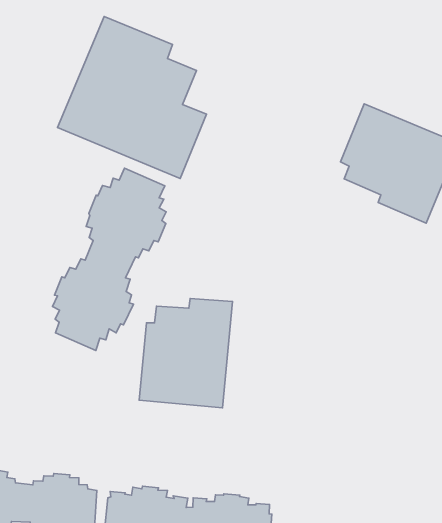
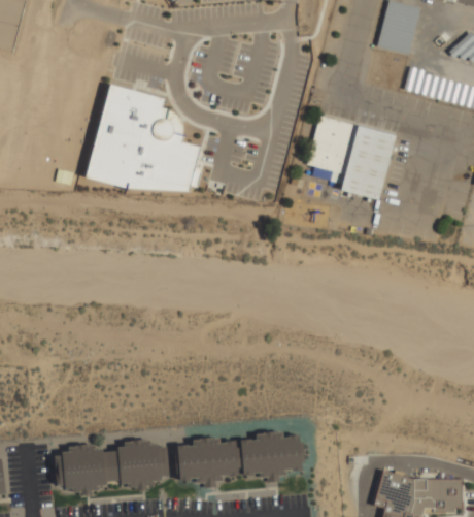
building: [53,168,166,350] -> none
building: [139,298,233,408] -> none

